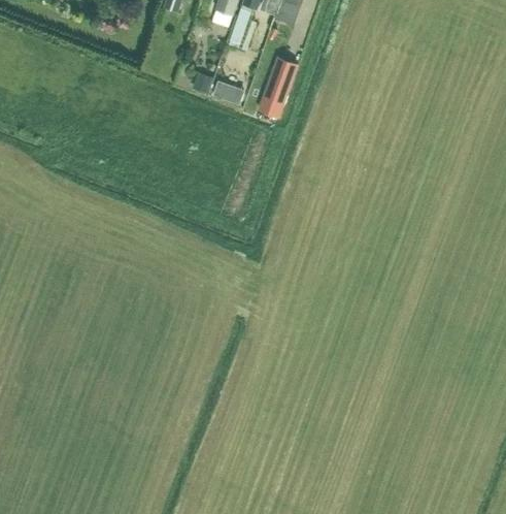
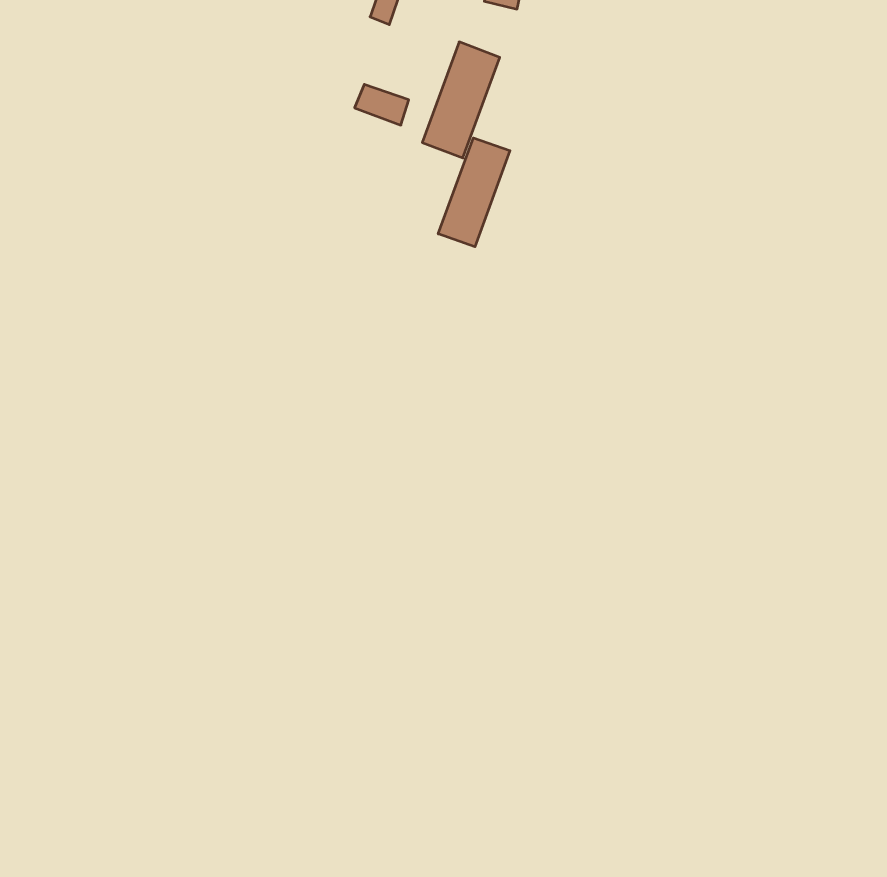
building: none -> [438,138,510,247]

